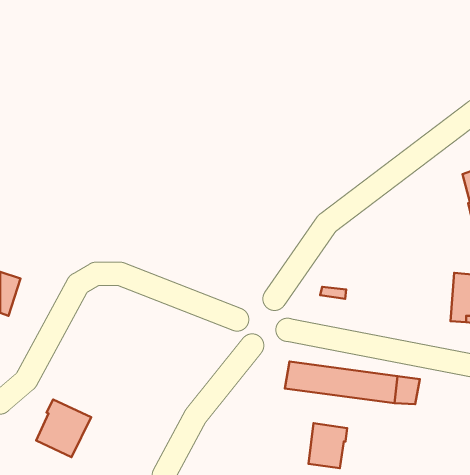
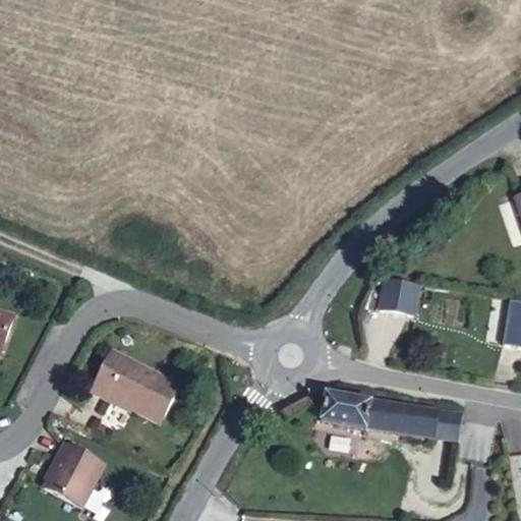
building: none -> [381,277,426,315]
building: none -> [89,349,181,423]
building: [308,423,347,468] -> none

